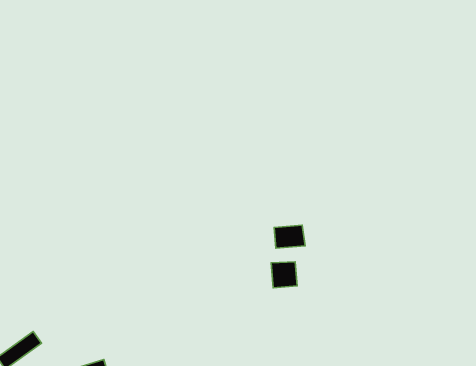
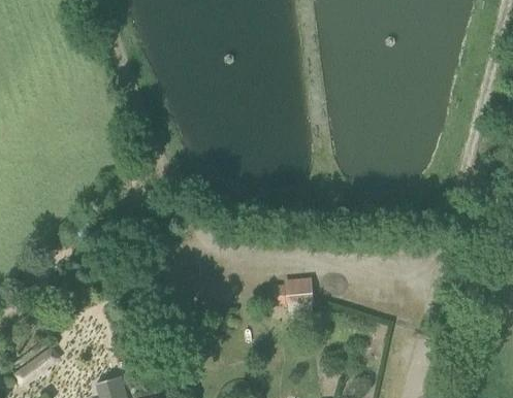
building: [274,225,305,248] -> none

